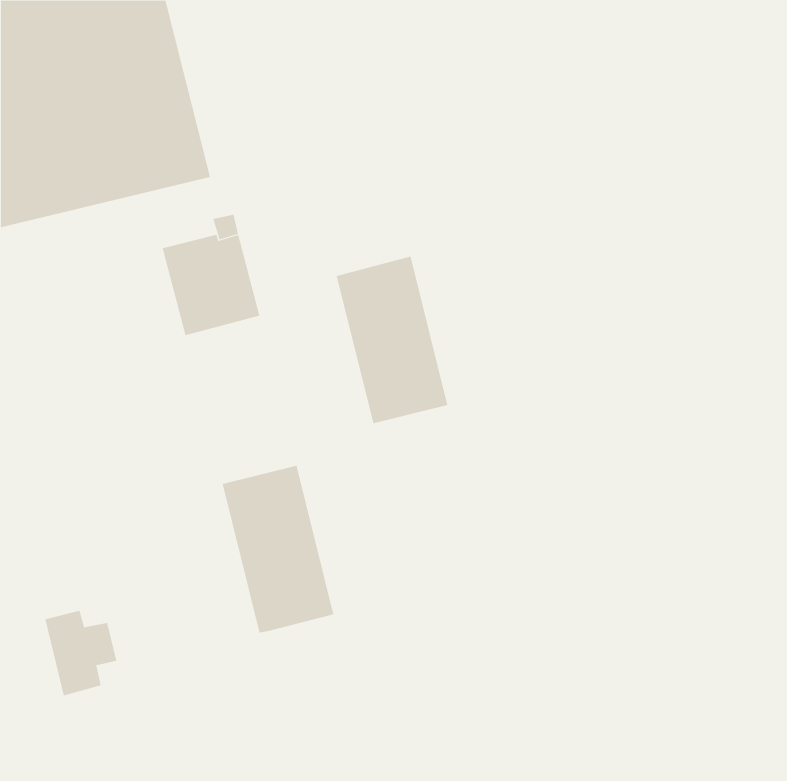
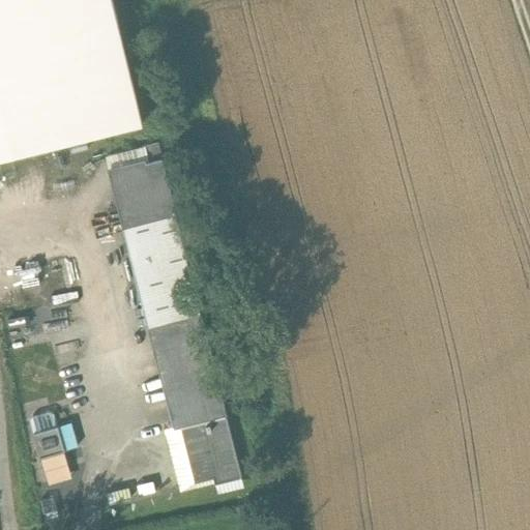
building: [336,256,448,424] -> [124,216,200,329]
building: none -> [180,417,240,485]

